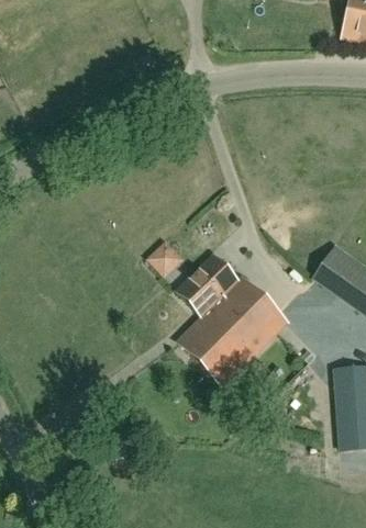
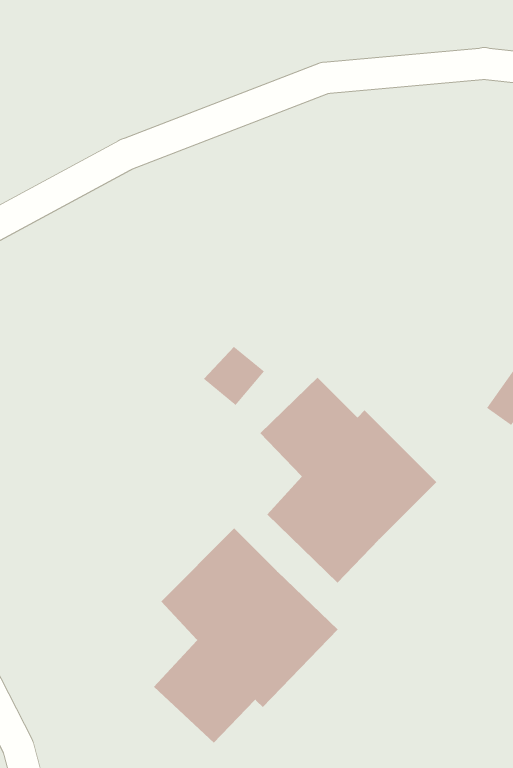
building: none -> [153,527,338,743]

